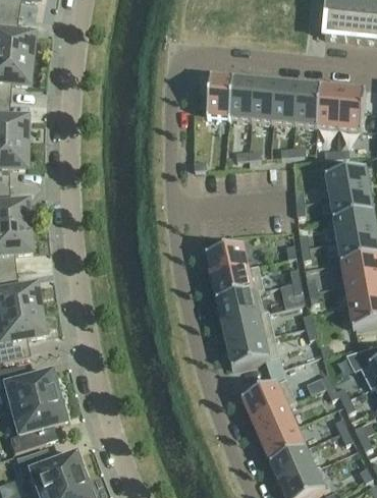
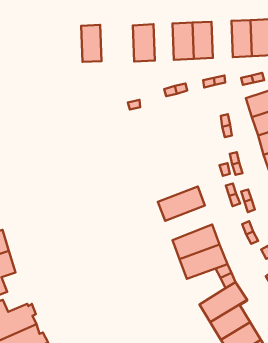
building: [230,77,256,120] -> [81,25,101,62]
building: [295,84,322,126] -> none
building: [206,244,259,277] -> none
building: [217,288,264,322] -> none

